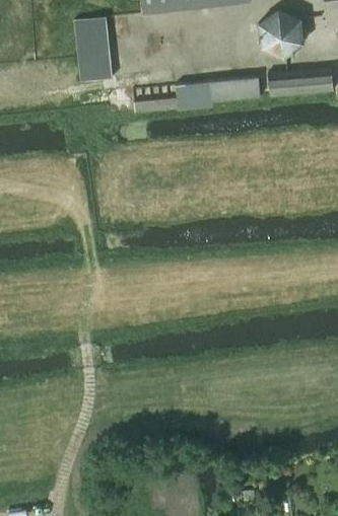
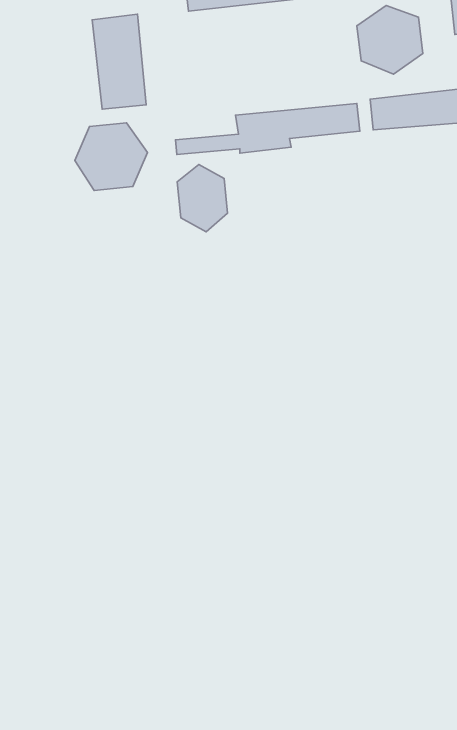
building: none -> [75,123,147,190]
building: none -> [177,165,228,232]

